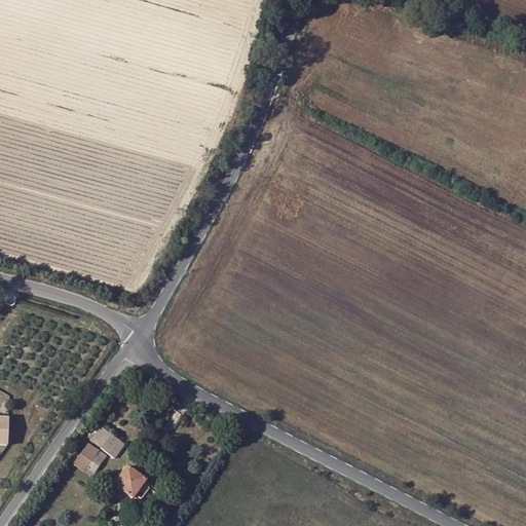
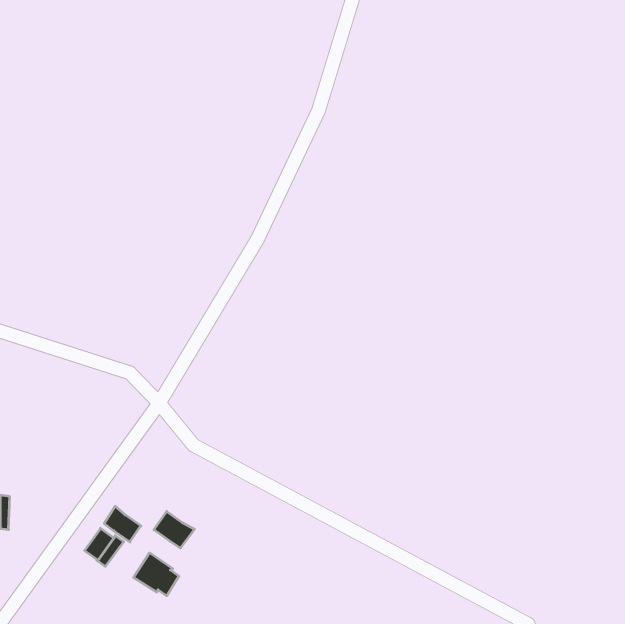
building: none -> [154,511,194,548]

